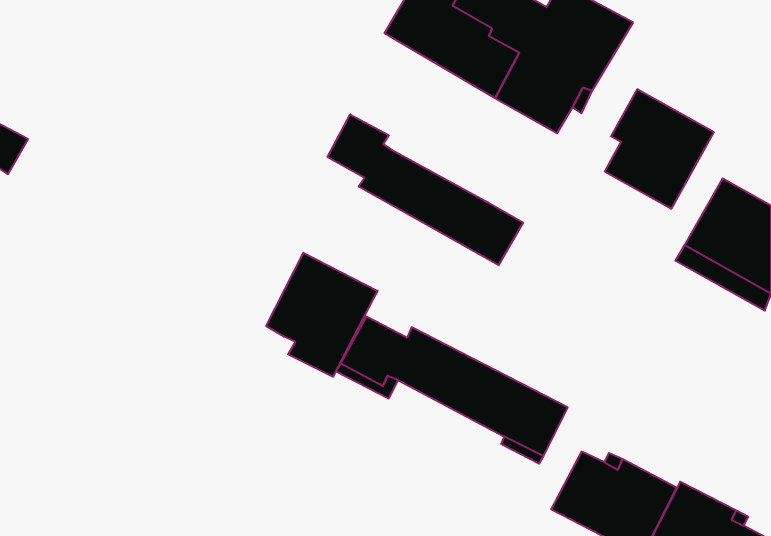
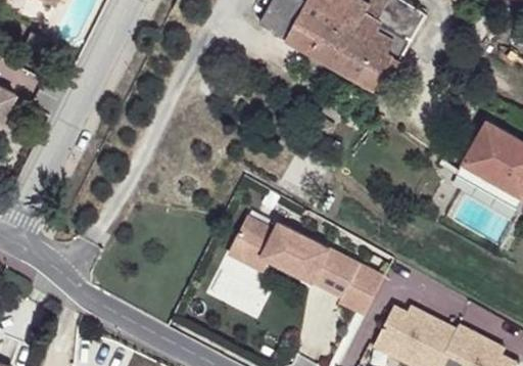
building: [605,89,714,209] -> none
building: [328,114,523,265] -> none
building: [266,253,378,377] -> none

